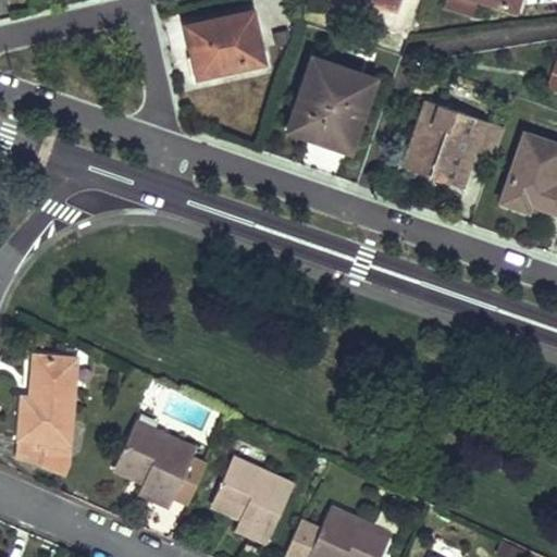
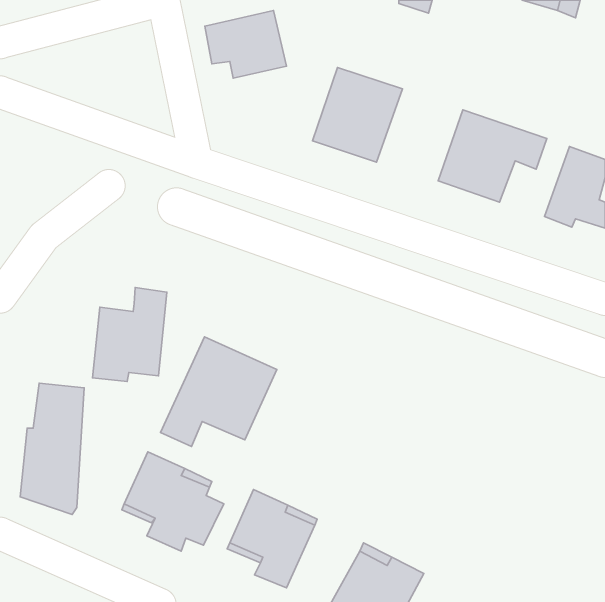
building: none -> [92,288,167,382]
building: none -> [160,337,277,447]

